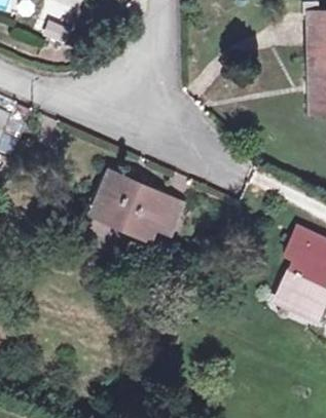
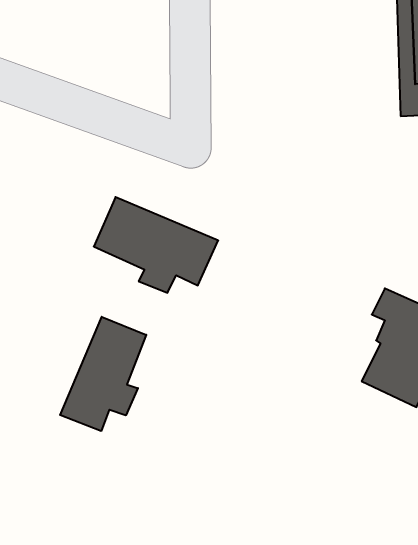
building: none -> [60,317,146,431]

